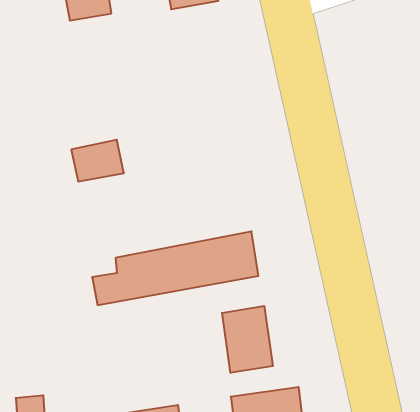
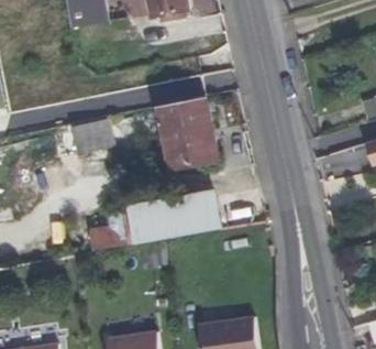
building: none -> [157,97,220,171]
building: [222,306,273,373] -> none

